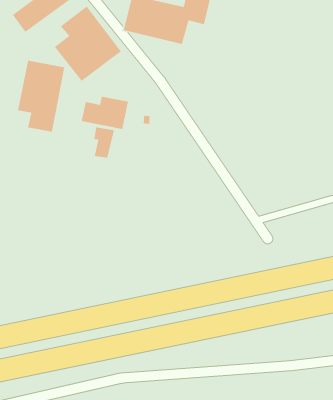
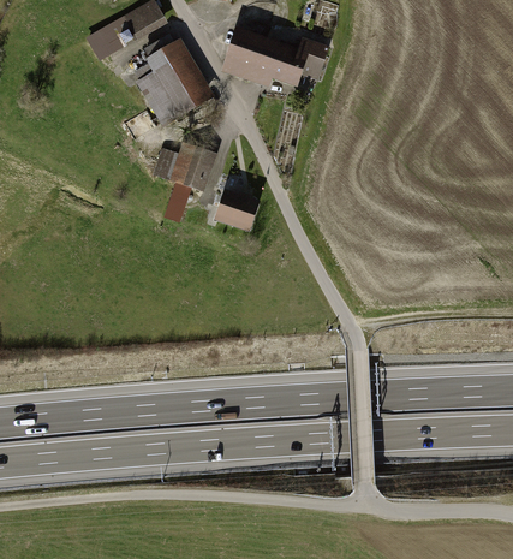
building: [17,60,65,132] -> none
building: none -> [214,190,260,231]

